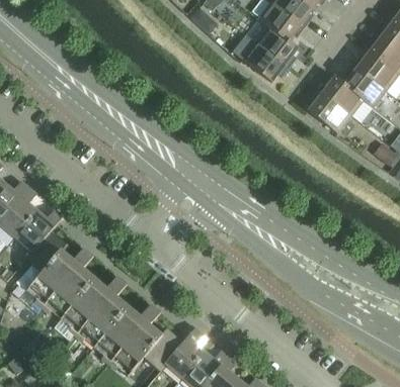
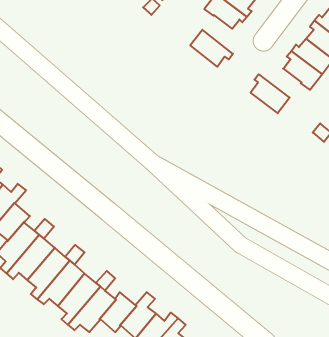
building: [245,19,298,68] -> none
building: [317,76,373,123] -> none

